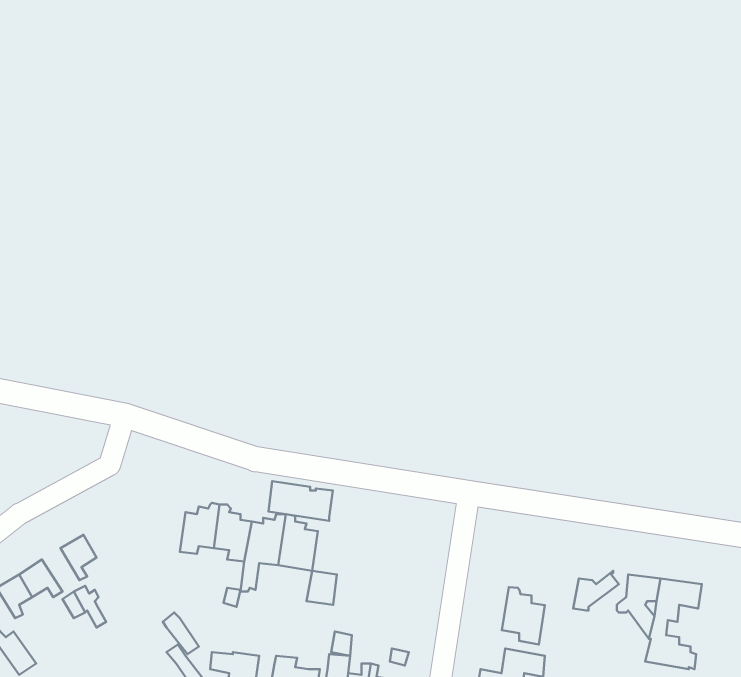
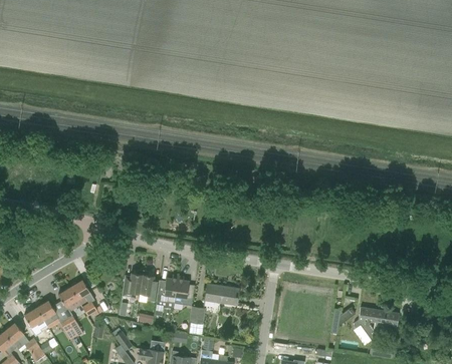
building: [268,481,333,521] -> [205,284,239,305]
building: none -> [70,280,98,316]
building: [502,587,545,644] -> none

